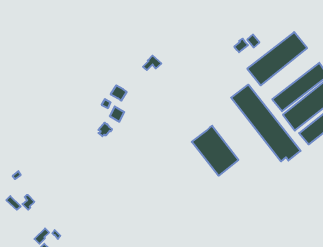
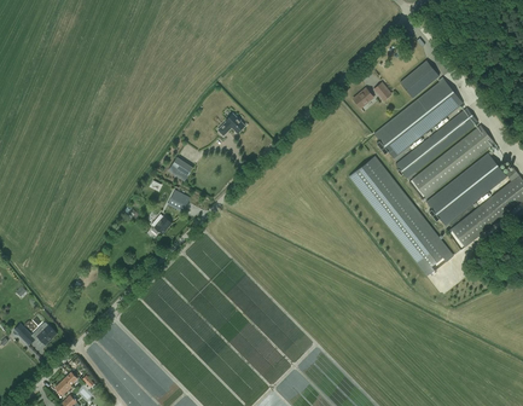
building: none -> [400,60,440,98]
building: none -> [403,108,477,173]
building: [192,126,238,176] -> none

